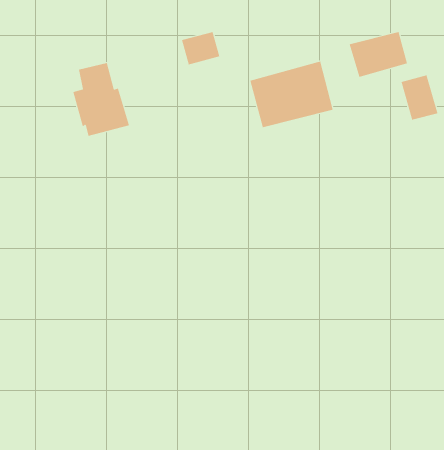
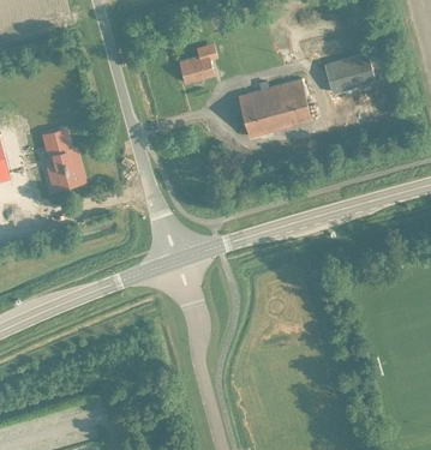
building: [72,63,130,137] -> [37,130,86,193]
building: [401,74,438,121] -> none

